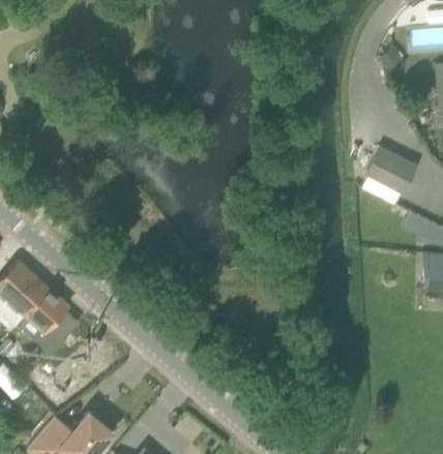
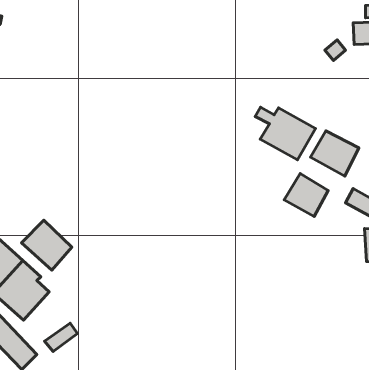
building: none -> [255,107,316,160]
building: none -> [284,174,328,217]
building: none -> [21,220,72,270]

